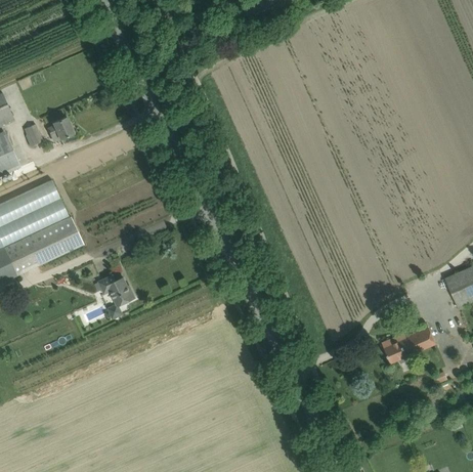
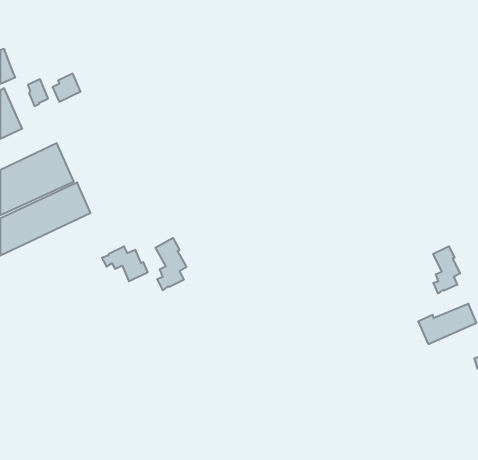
building: none -> [156,238,186,290]
building: none -> [433,246,460,293]

